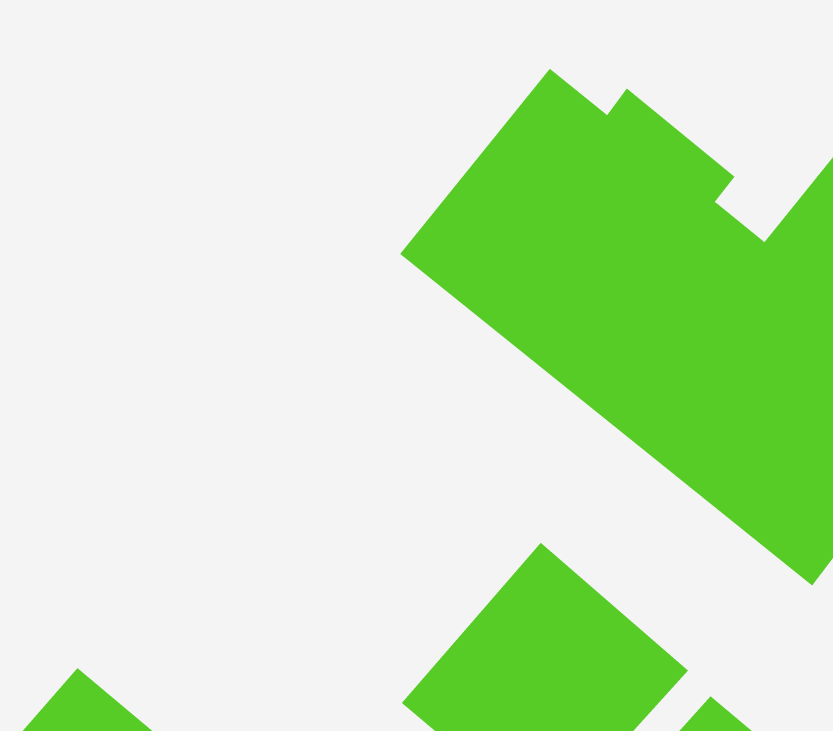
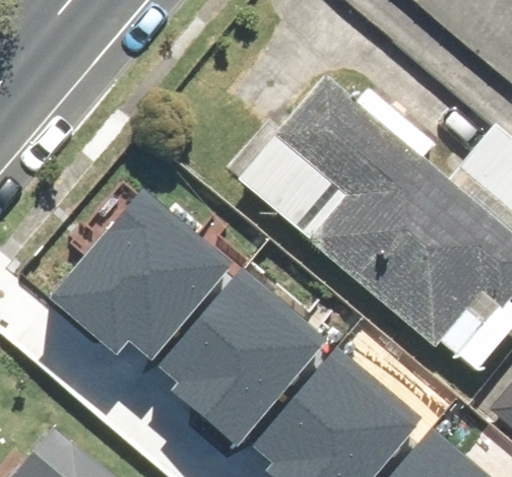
building: none -> [54,198,227,361]
building: none -> [157,273,321,448]

